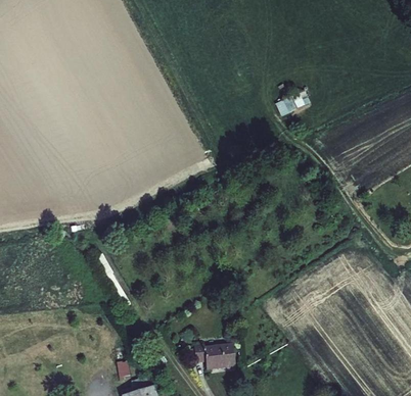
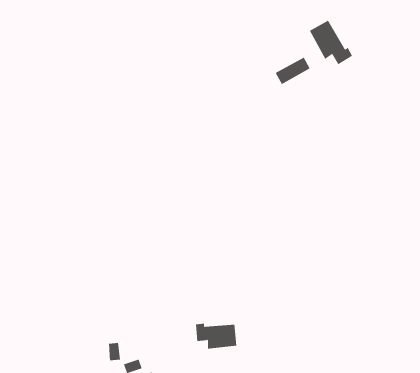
building: none -> [309,20,353,65]

